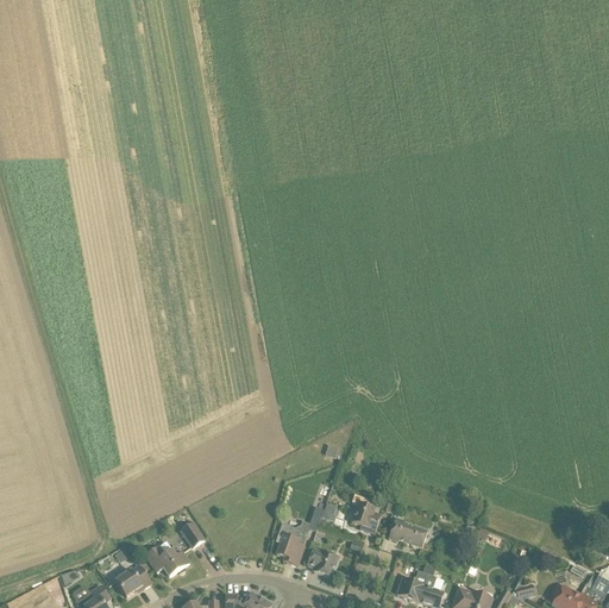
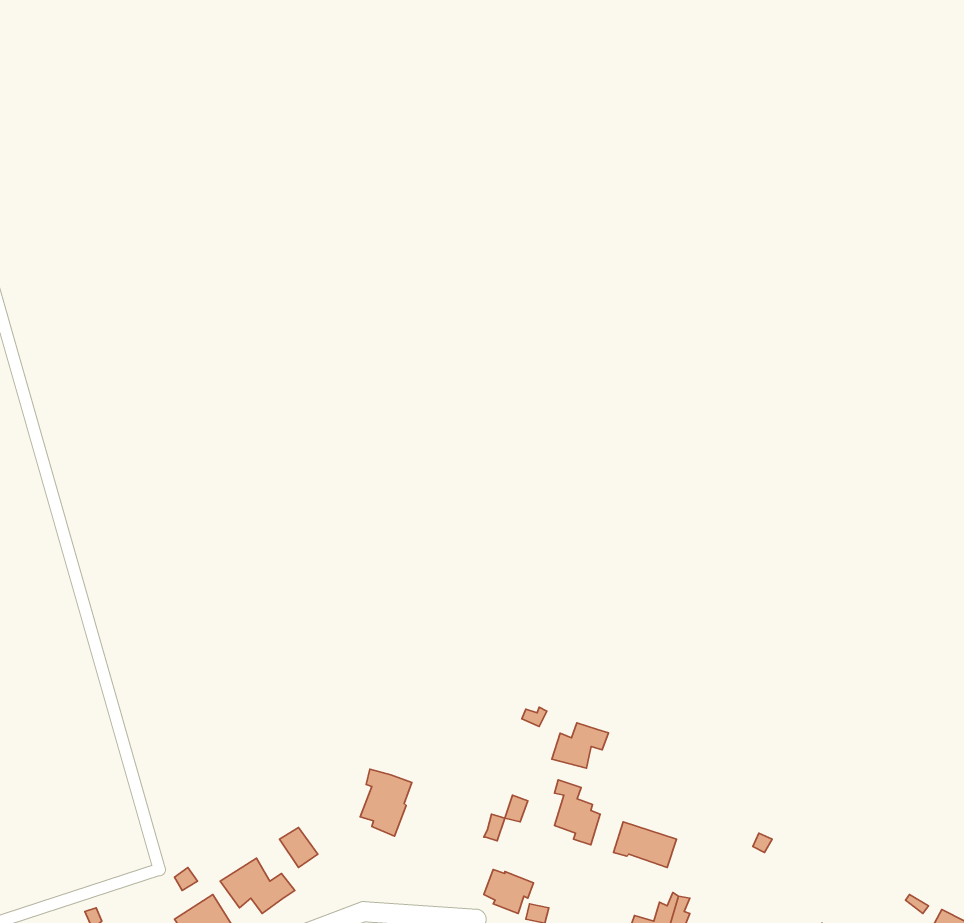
building: none -> [552,723,608,768]
building: [275,525,307,566] -> [360,769,412,836]

